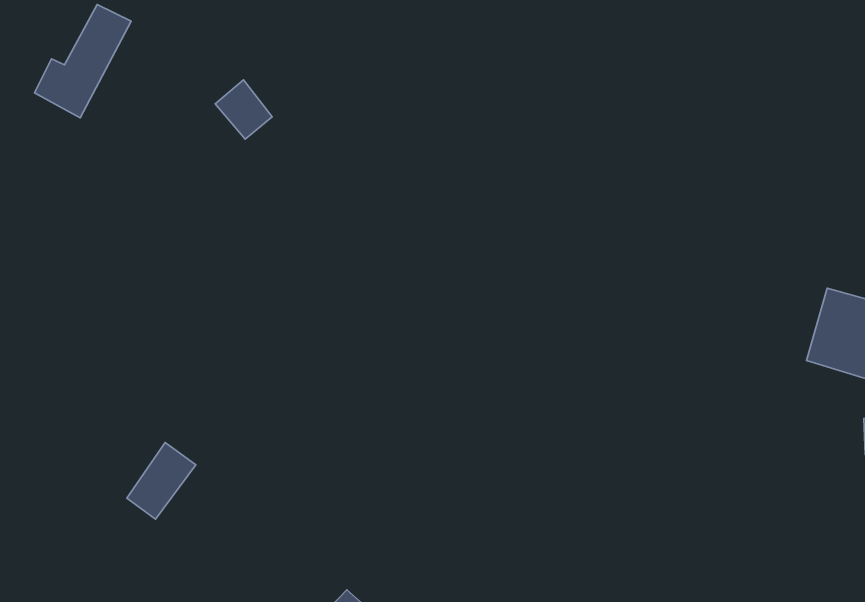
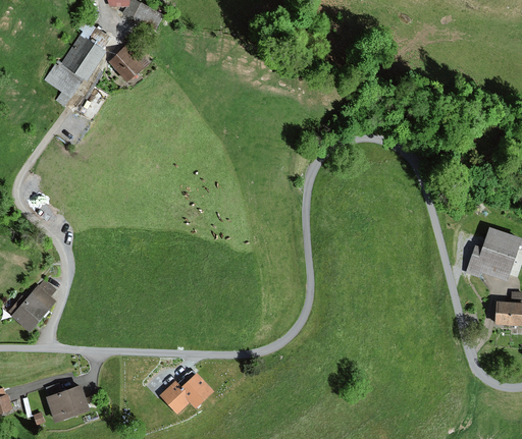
building: [215,80,272,139] -> [112,50,144,84]
building: [127,442,196,519] -> [14,285,55,328]

